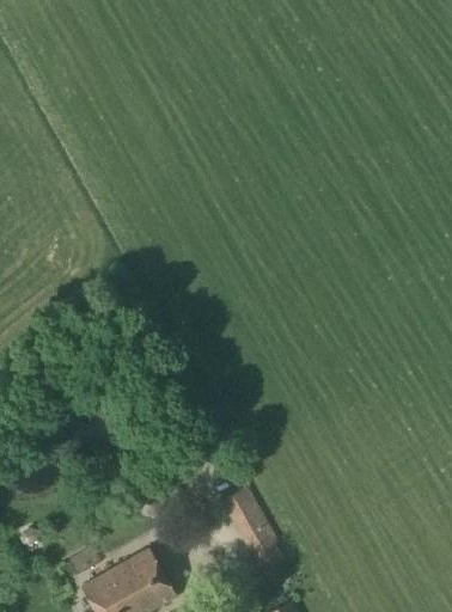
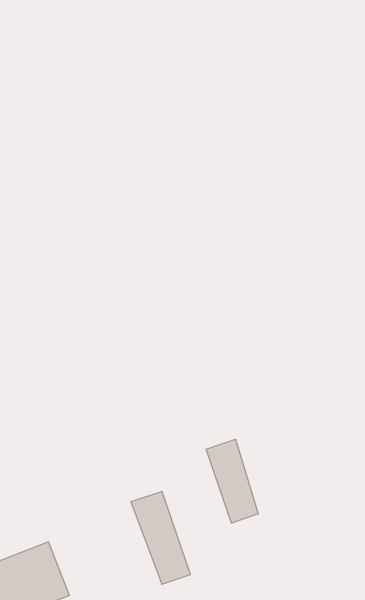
building: none -> [206,439,258,523]

